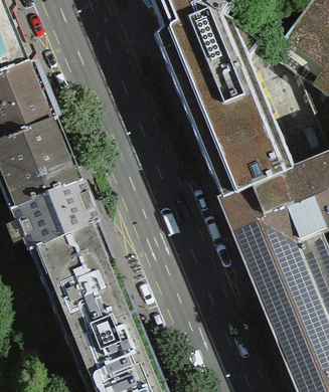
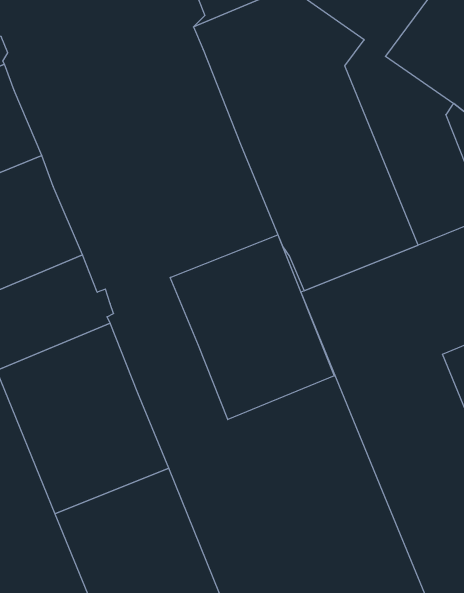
building: none -> [170,235,334,420]

